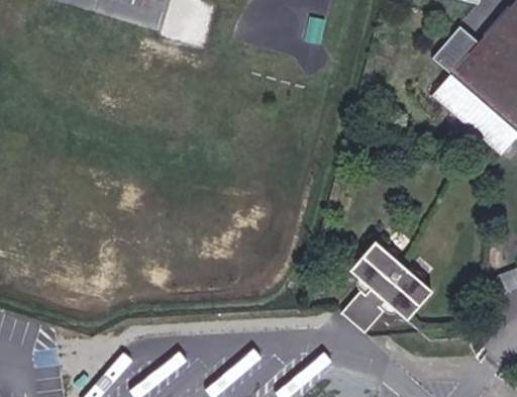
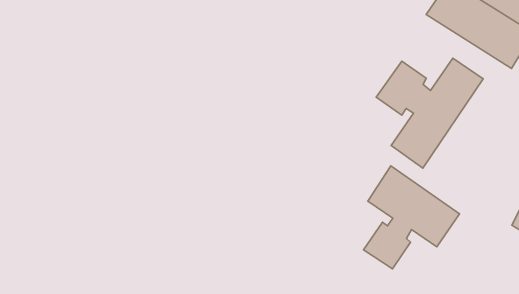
building: none -> [376,58,483,168]

